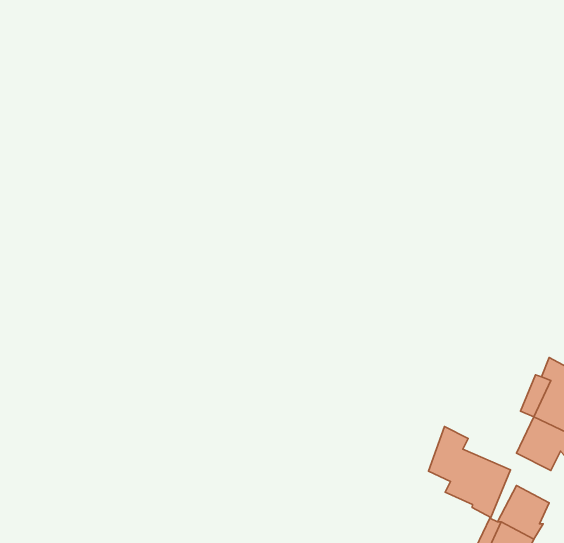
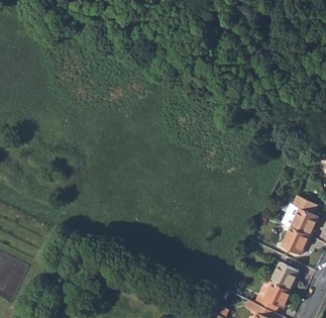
building: [428,427,510,517] -> none

